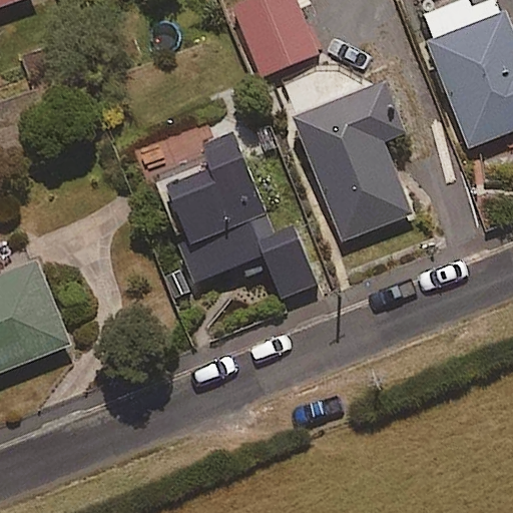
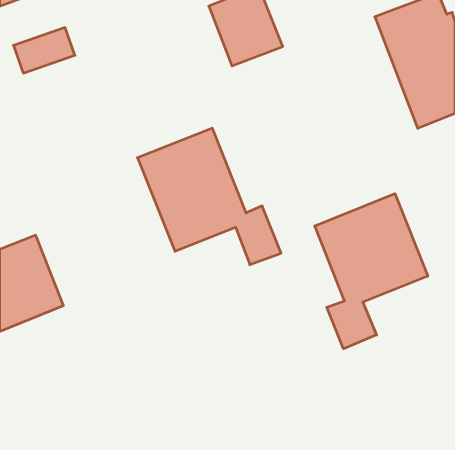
building: [293,84,413,240] -> none
building: none -> [315,194,428,349]

